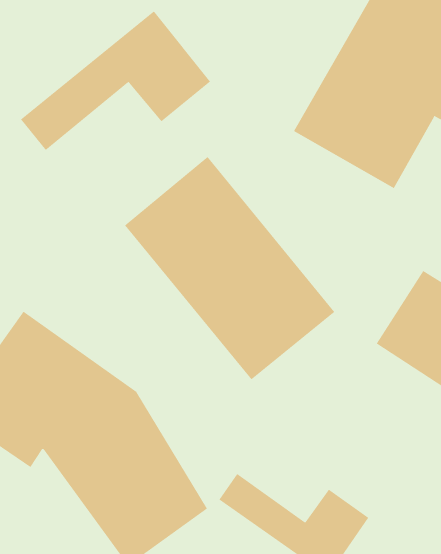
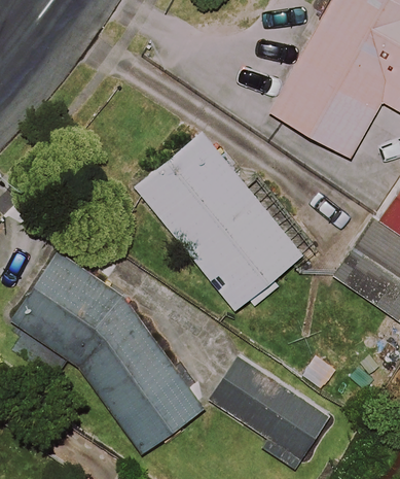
building: [20,10,211,151] -> none

